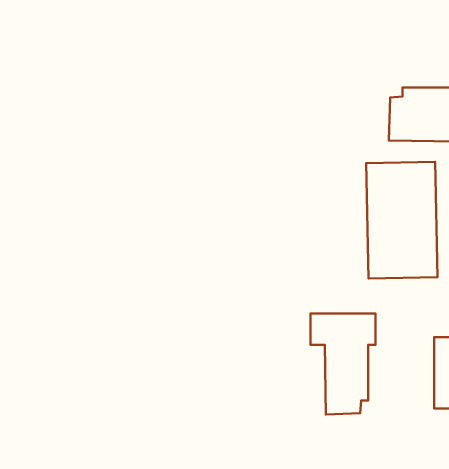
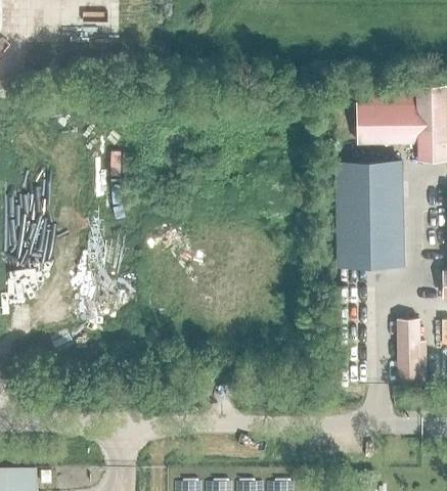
building: [310,313,376,414] -> none

